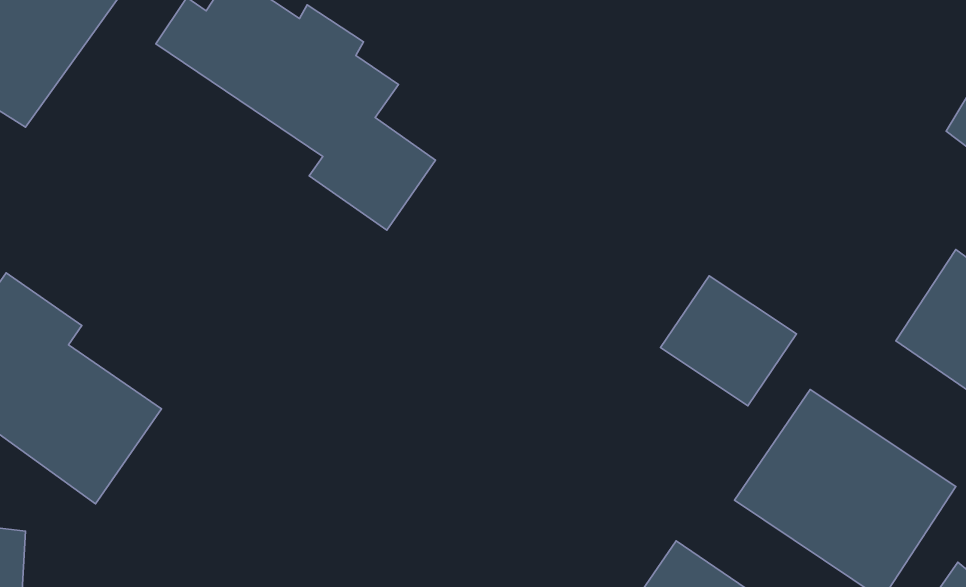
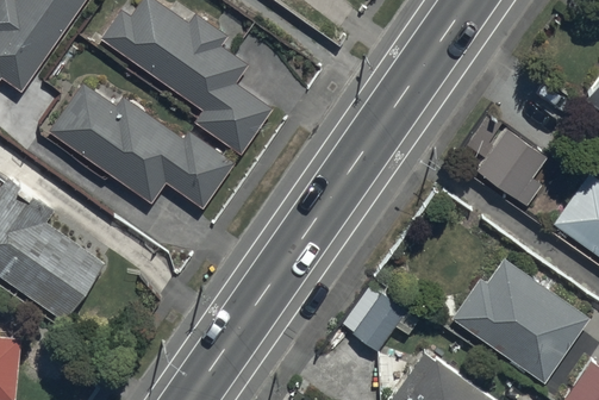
building: none -> [48,87,233,213]
building: [661,276,797,406] -> [473,125,556,205]
building: none -> [348,289,408,352]

